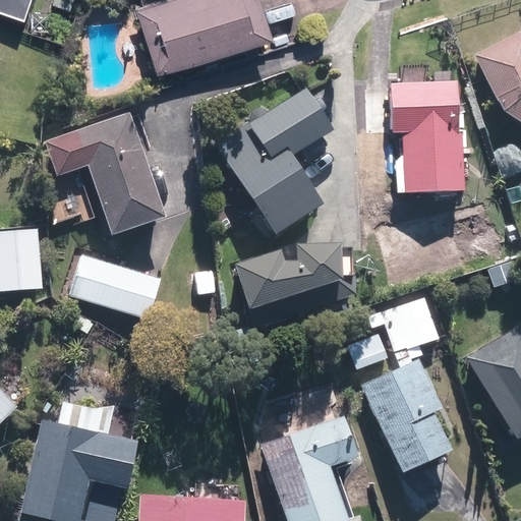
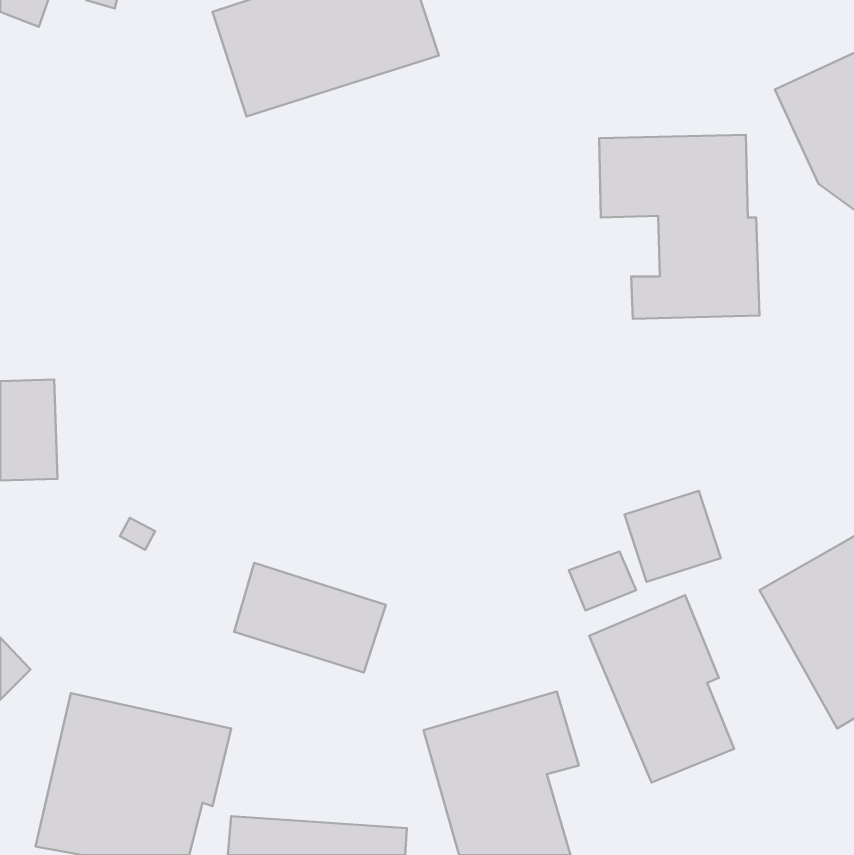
building: [214,91,329,235] -> none
building: [50,111,171,235] -> none
building: [233,243,354,325] -> none
building: [74,252,166,319] -> [234,563,386,672]

